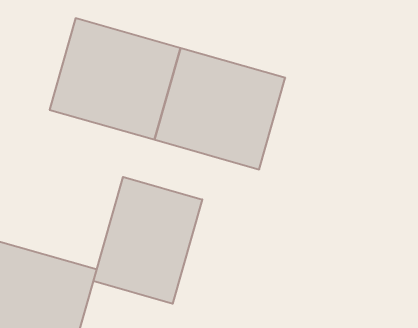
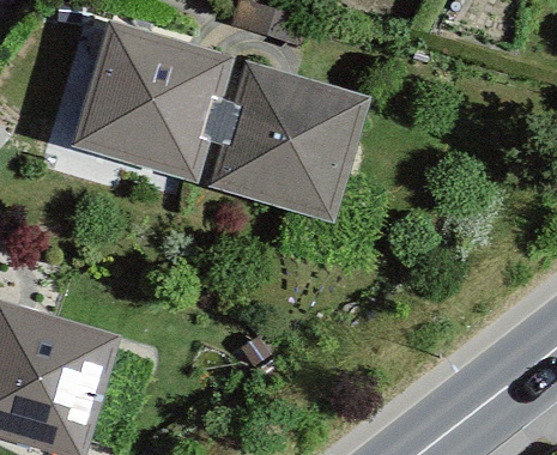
building: [93,177,202,304] -> none

